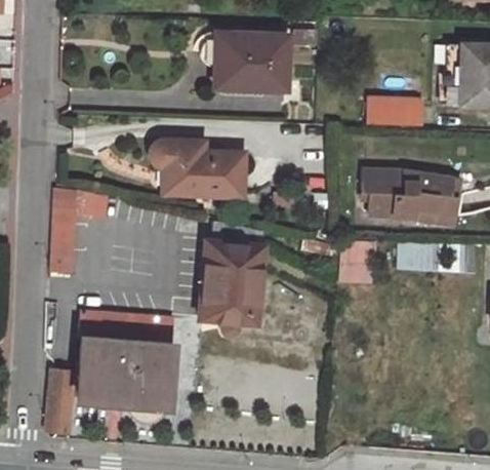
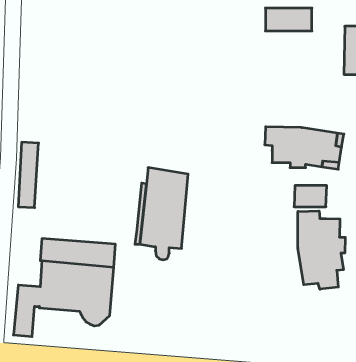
building: [203,33,289,89] -> none
building: [367,96,425,125] -> [265,8,312,31]
building: [152,141,243,195] -> none
building: none -> [298,211,345,289]

